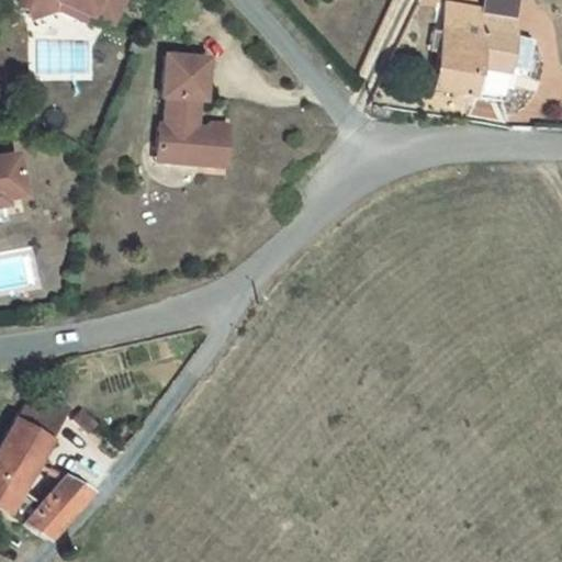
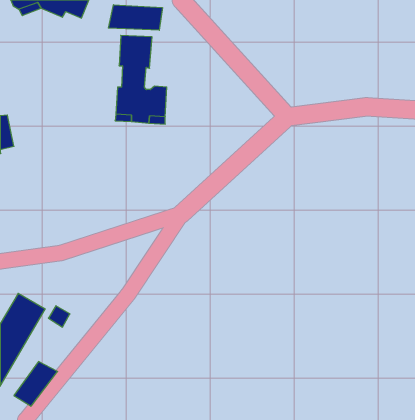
building: [430,5,531,102] -> none
building: none -> [108,5,162,30]

